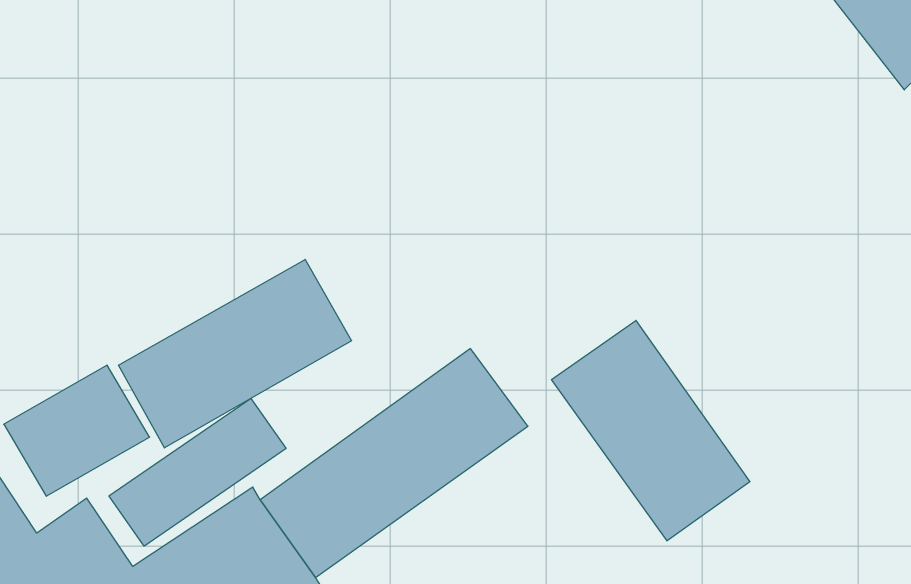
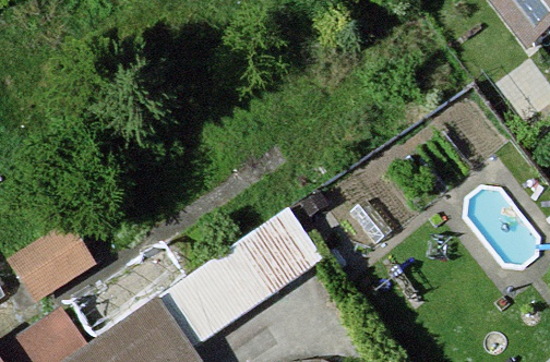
building: [119,259,352,448] -> none
building: [552,320,750,541] -> none

